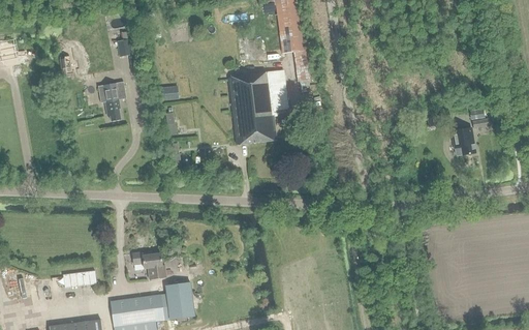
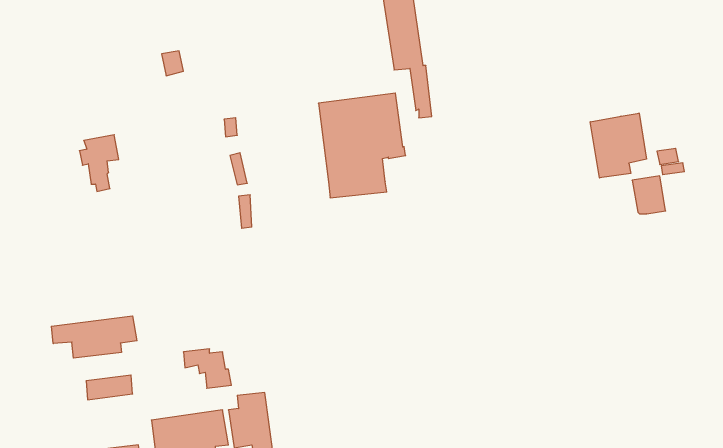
building: [98,80,126,120] -> [79,135,119,191]
building: none -> [590,113,646,178]
building: none -> [51,316,137,358]

